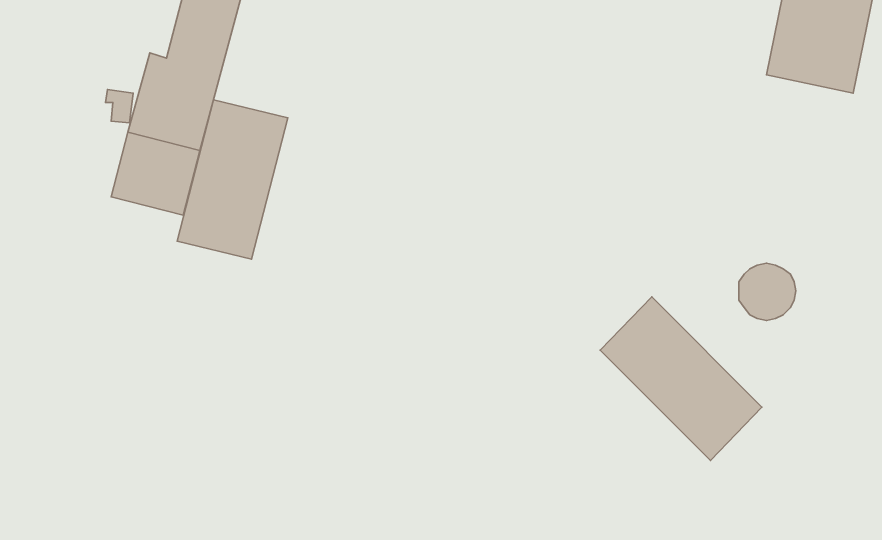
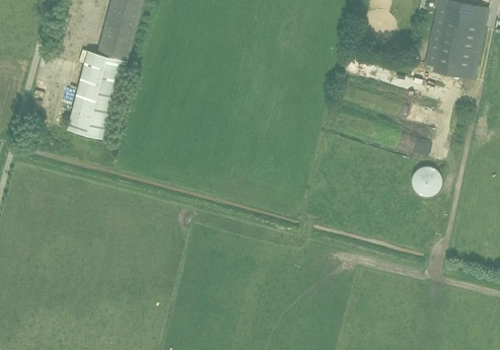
building: [177,100,288,259] -> none
building: [600,297,762,460] -> none

